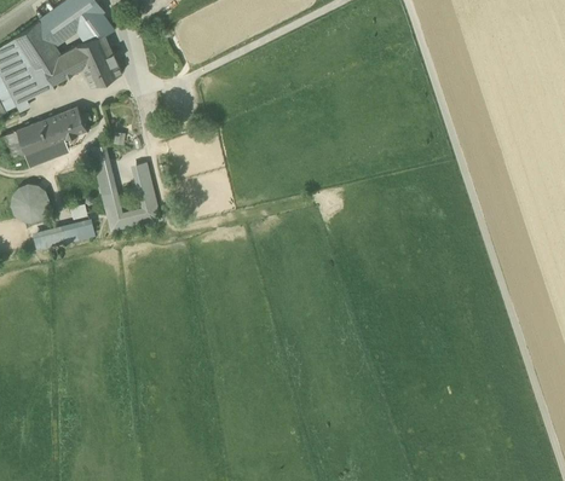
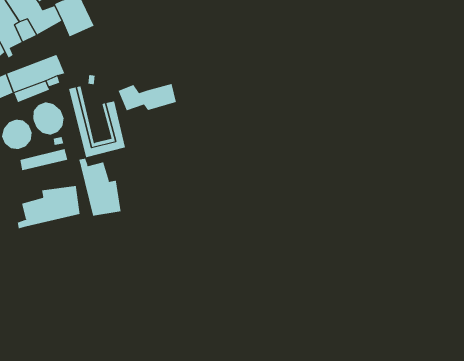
building: none -> [118,83,177,111]
building: none -> [33,102,64,135]
building: none -> [79,158,121,216]
building: none -> [17,185,80,229]

